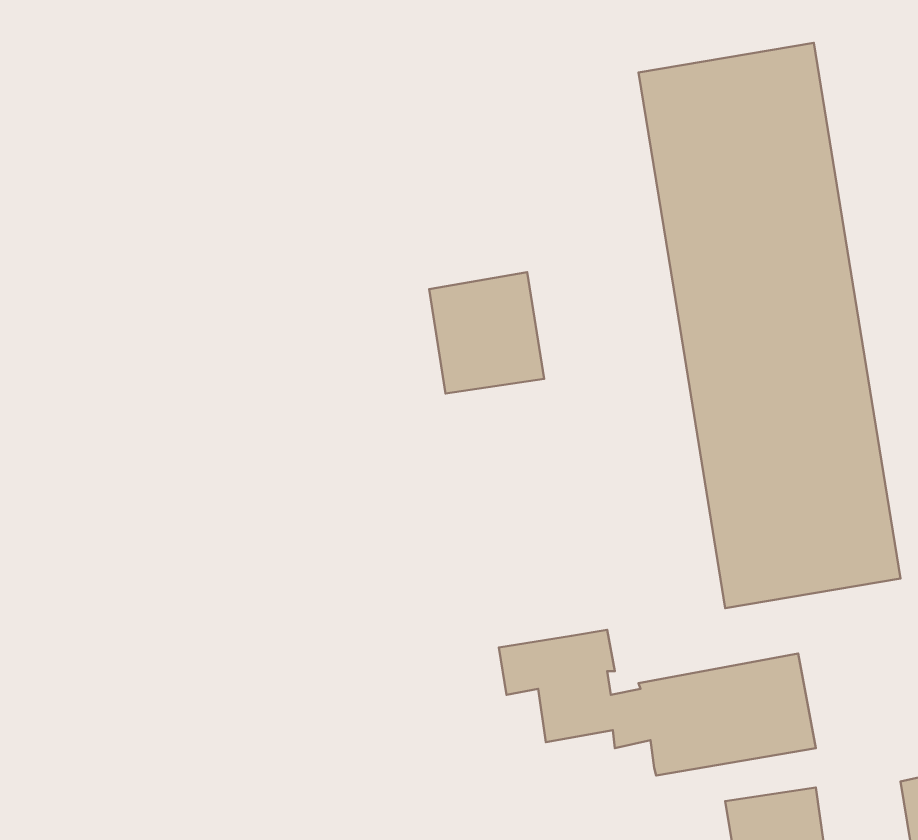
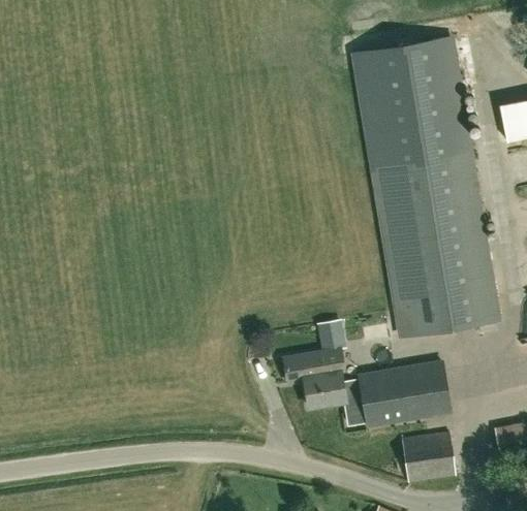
building: [429,272,544,393] -> none
building: none -> [320,321,348,349]

